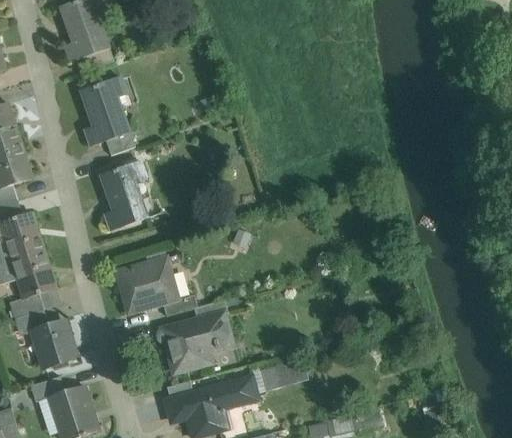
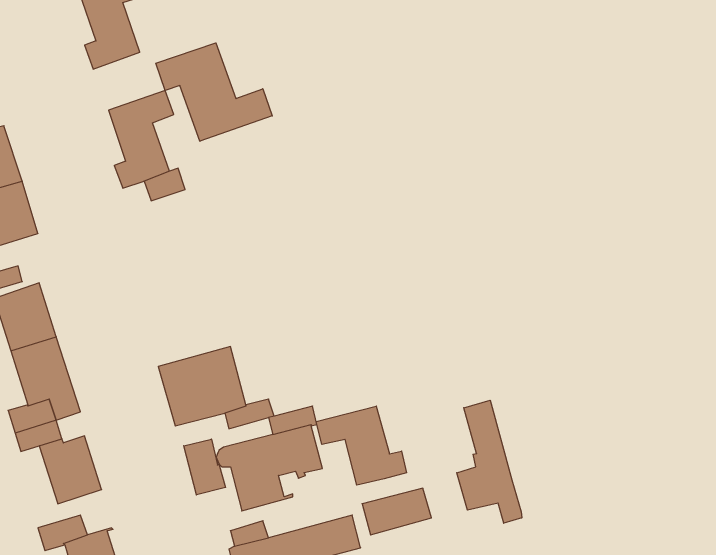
building: none -> [156,43,272,141]
building: [100,160,146,230] -> none
building: none -> [457,400,522,523]
building: none -> [316,406,407,485]
building: none -> [184,439,226,495]

